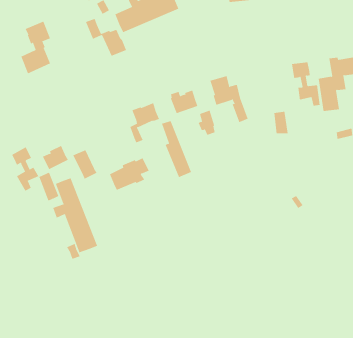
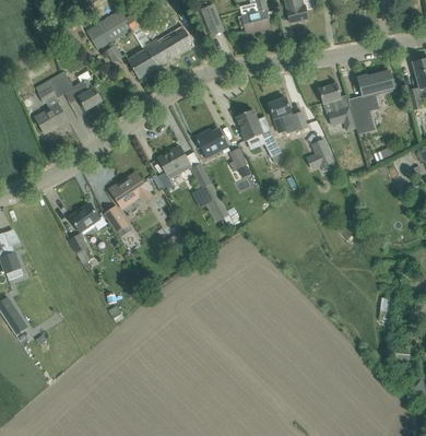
building: [85,18,127,57] -> [54,70,100,108]
building: none -> [268,97,307,130]
building: [11,147,39,192] -> none
building: [109,157,149,191] -> [110,168,152,207]
building: [52,177,98,253] -> none

